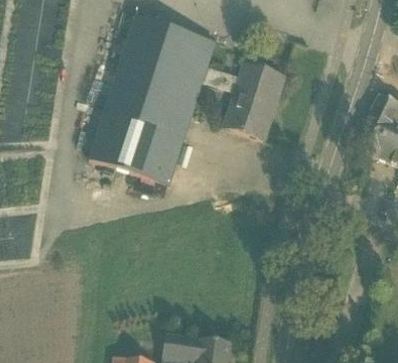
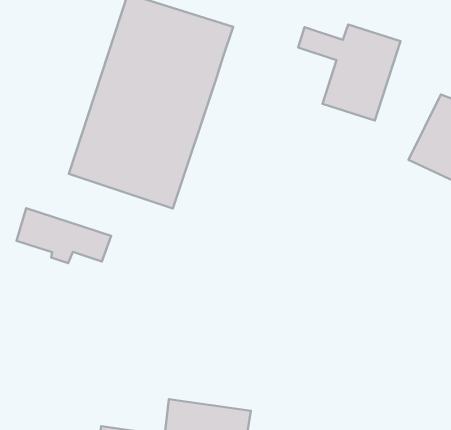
building: [205,63,285,138] -> [298,24,401,120]
building: none -> [16,208,111,263]

